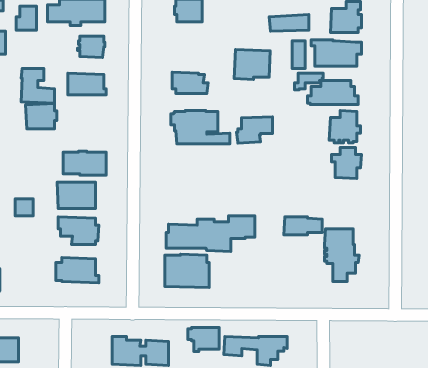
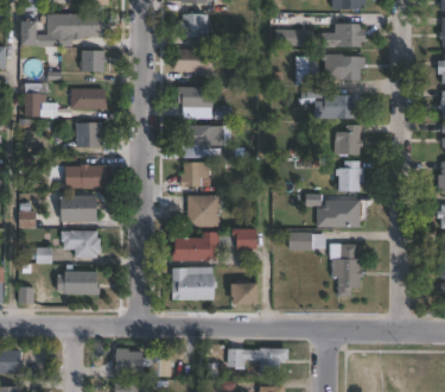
building: [234,50,270,80] -> [173,48,209,77]
building: [26,104,57,129] -> [76,121,107,146]
building: [237,117,273,143] -> [174,160,210,186]
building: none -> [311,194,357,227]
building: none -> [183,195,216,227]
building: [188,328,219,352] -> [225,283,256,306]

